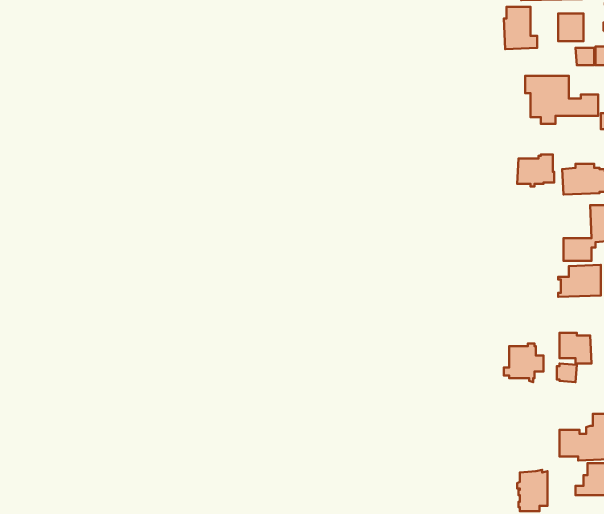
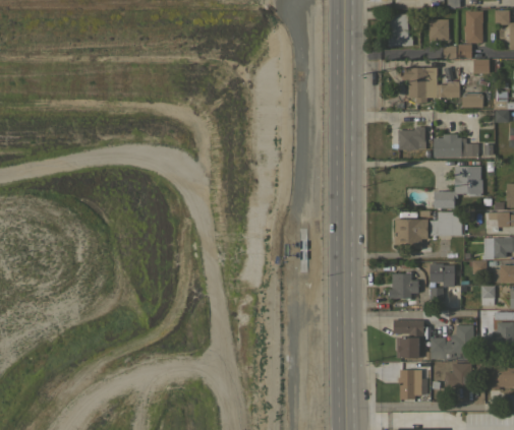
building: none -> [395,219,429,249]
building: none -> [394,319,424,358]

